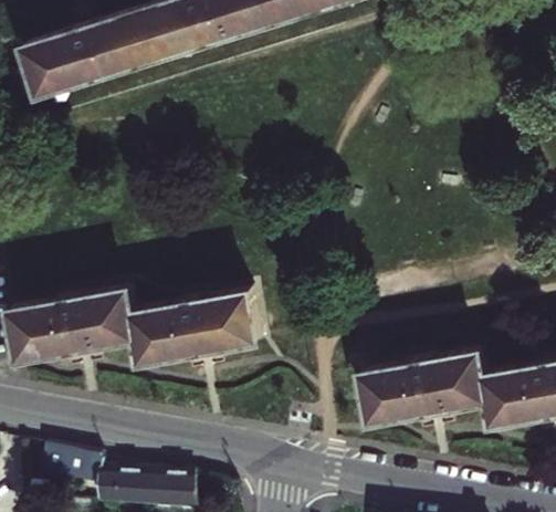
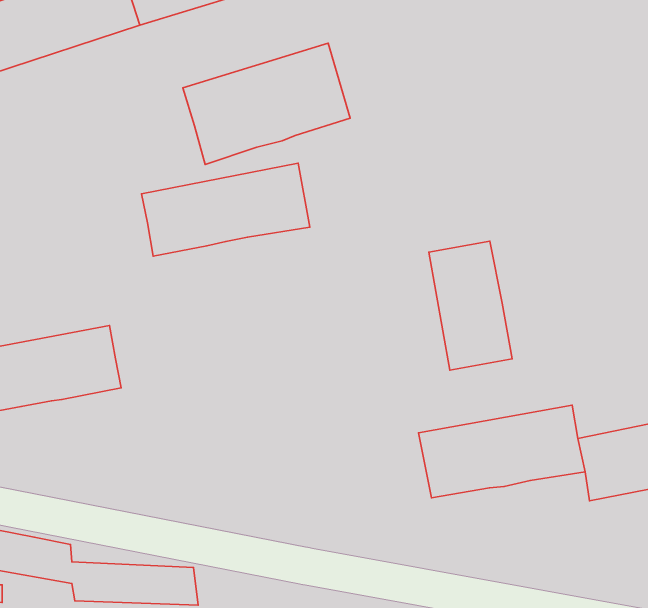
building: none -> [183,43,350,165]
building: none -> [429,241,512,370]
building: [128,293,256,364] -> [142,163,310,256]

